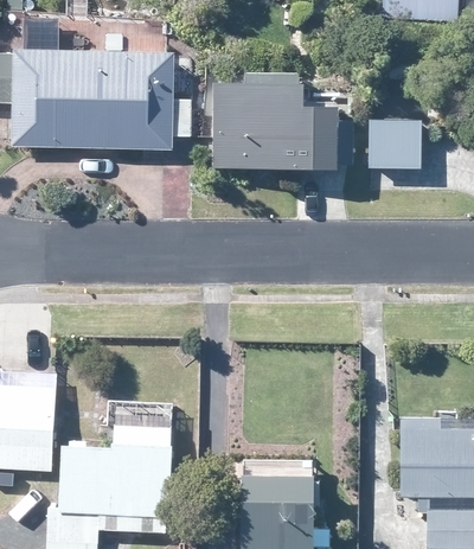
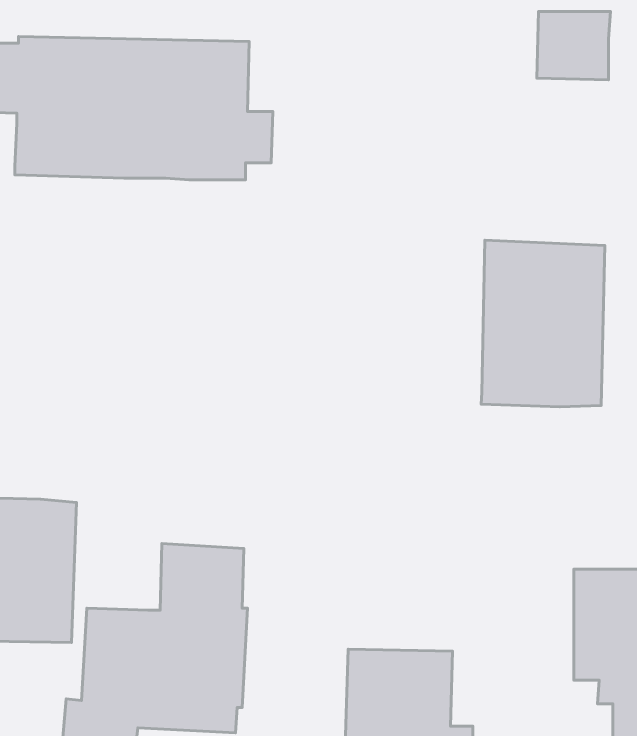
building: [212,82,352,168] -> none
building: [367,121,418,168] -> [537,12,610,80]
building: none -> [481,240,605,407]

